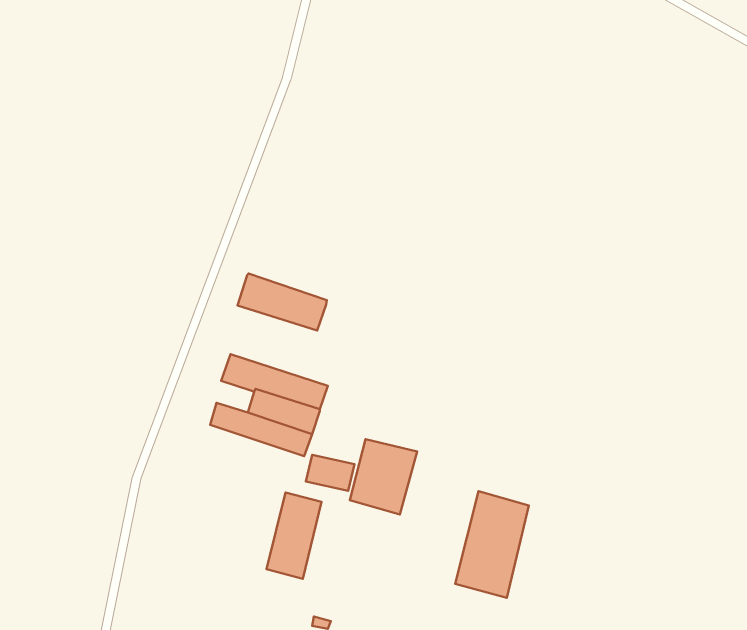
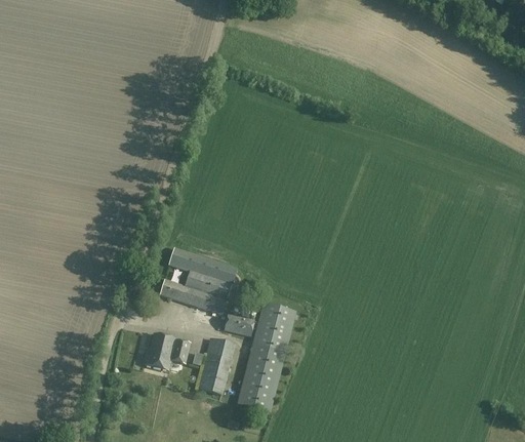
building: [237,274,327,331] -> none
building: none -> [143,332,189,369]
building: [455,491,529,598] -> [236,343,284,412]

